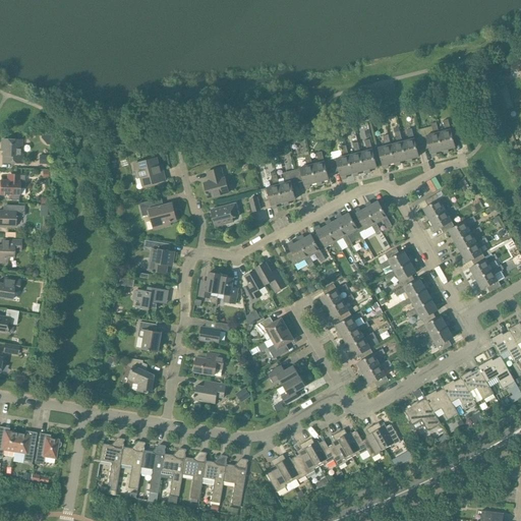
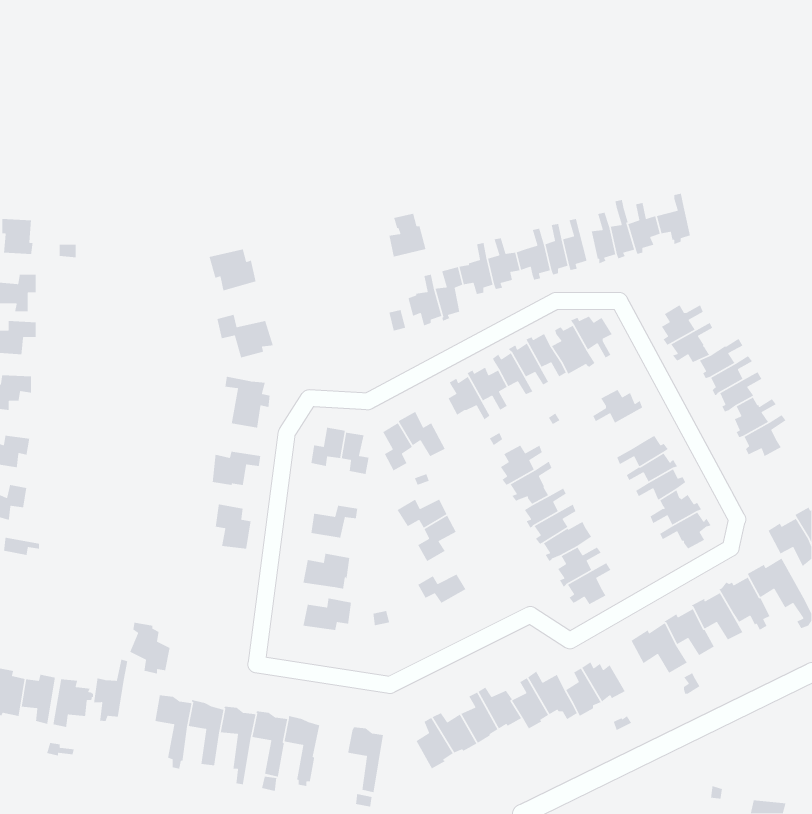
building: [438,120,459,154] -> none
building: [204,169,228,197] -> [388,213,427,257]
building: [211,204,238,227] -> none
building: [385,262,417,287] -> none
building: [127,359,154,393] -> [129,622,171,675]
building: [276,377,304,405] -> none
building: none -> [93,658,128,722]
building: [200,461,225,503] -> none

